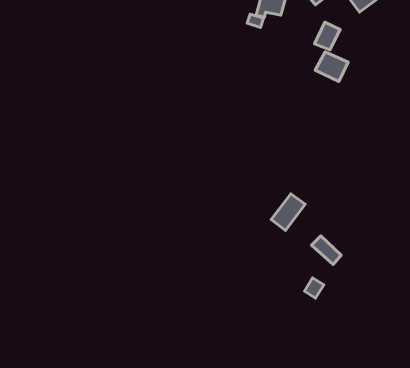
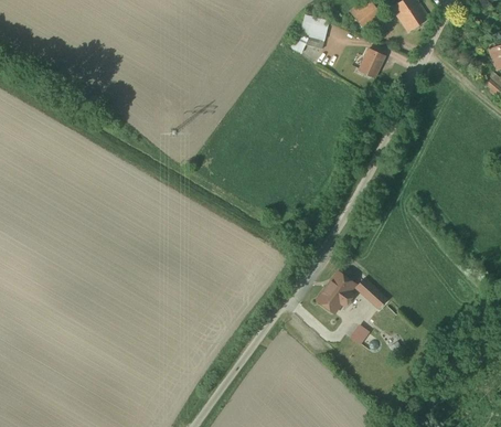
building: [315,52,348,81] -> none
building: [271,194,305,231] -> [319,273,355,312]

